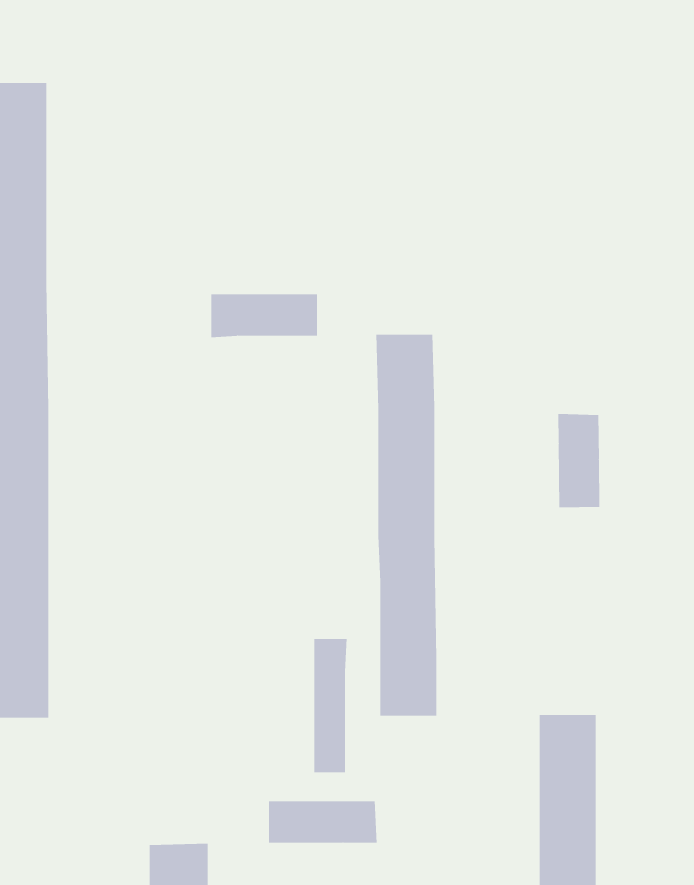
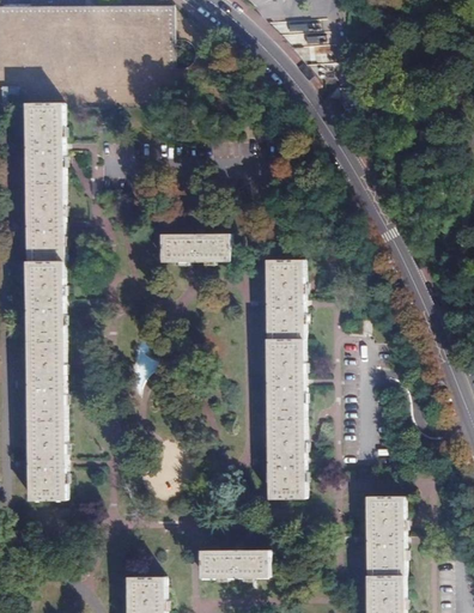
building: [558,413,600,508] -> none
building: [314,638,347,773] -> none

